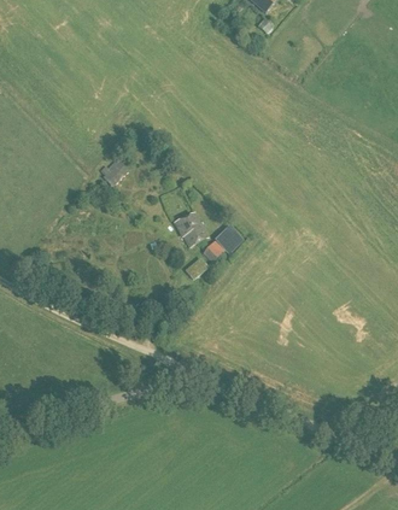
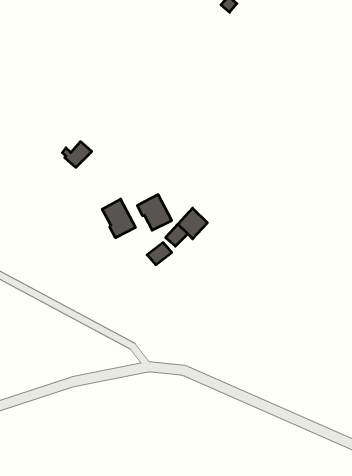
building: none -> [102,199,135,238]

